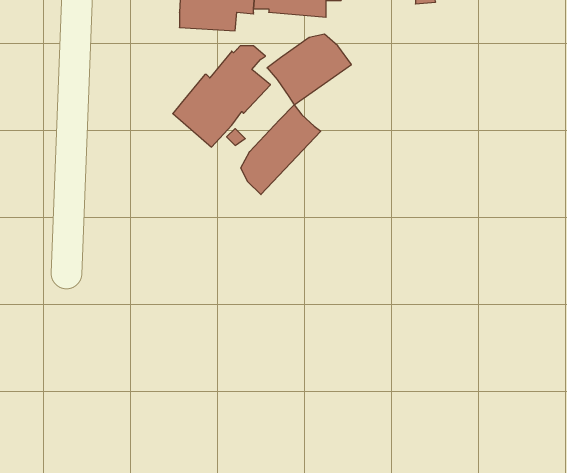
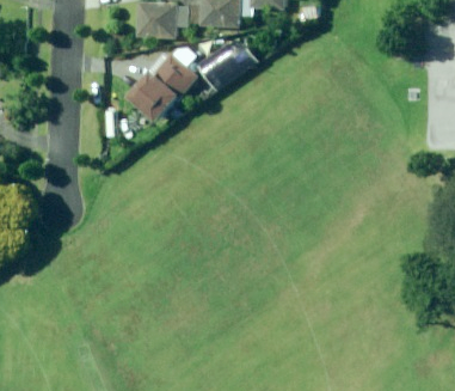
building: [241,105,321,195] -> none

